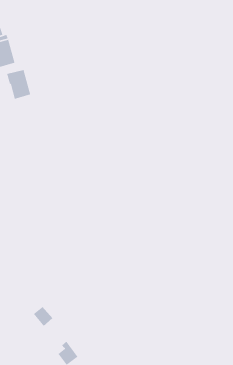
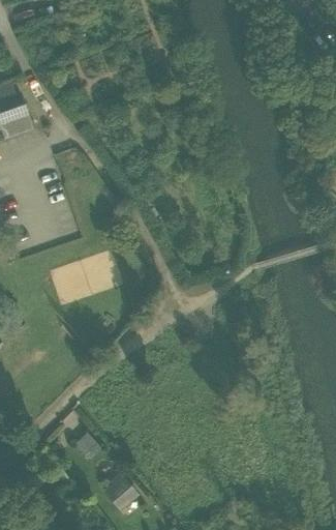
building: [6,69,31,100] -> none

